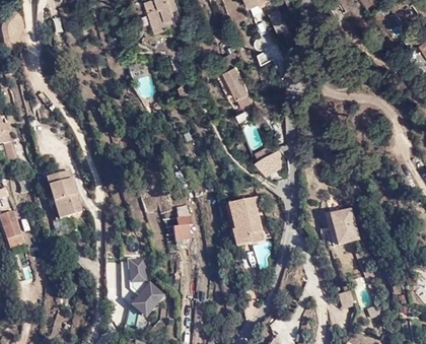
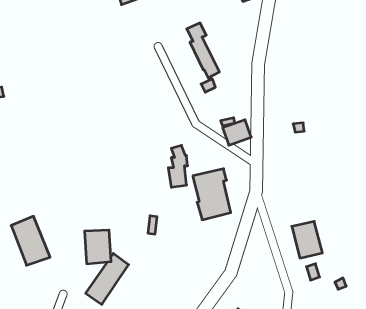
building: [45,173,83,221] -> [11,216,50,265]
building: [171,198,191,239] -> [168,145,188,187]
building: [329,207,359,244] -> [292,221,322,258]

